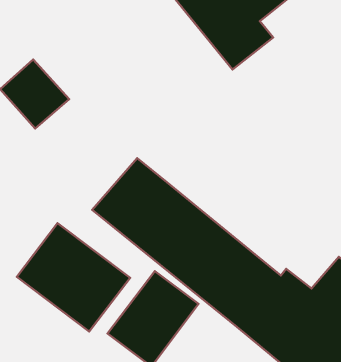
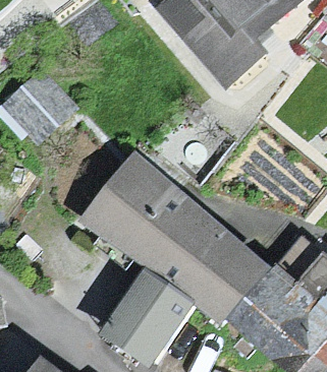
building: [17,223,130,331] -> none

